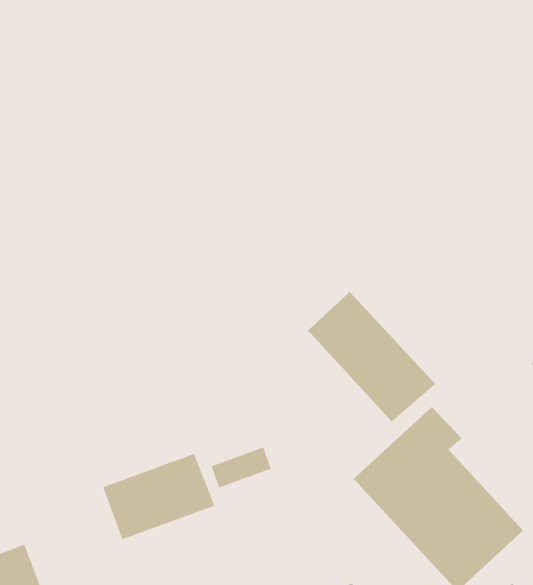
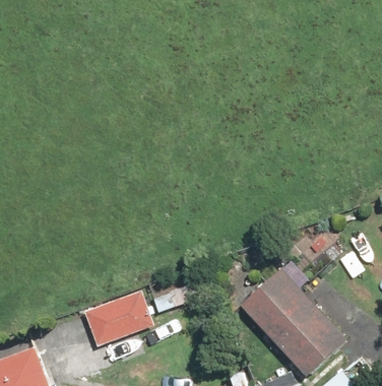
building: [307,291,436,423] -> none

